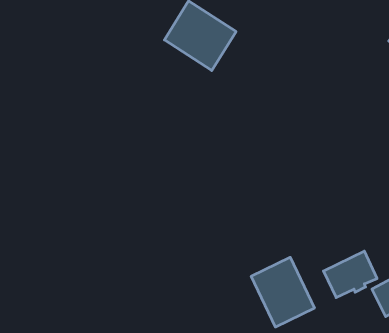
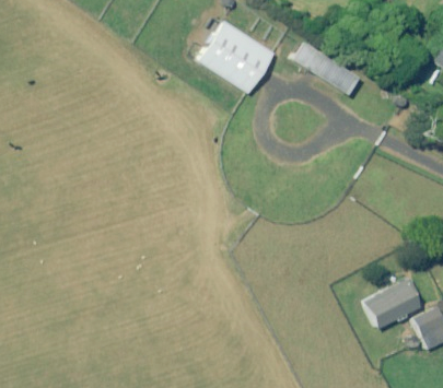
building: none -> [293,42,360,94]
building: [251,257,314,327] -> none

